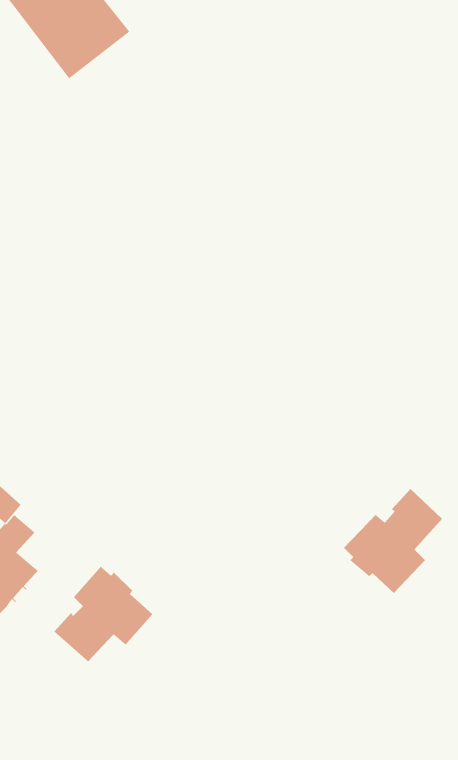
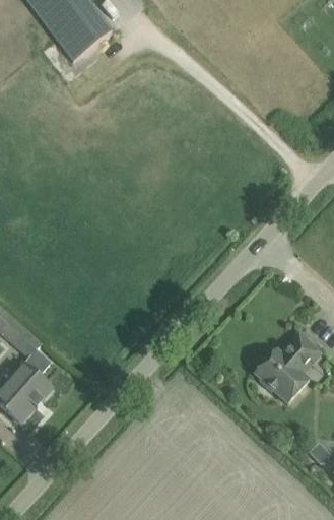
building: [54,566,153,662] -> none

